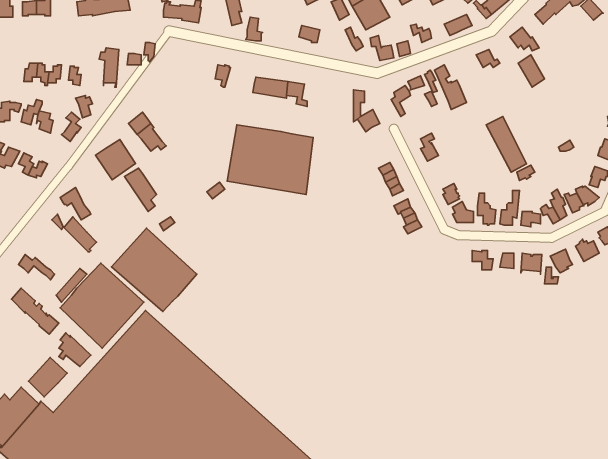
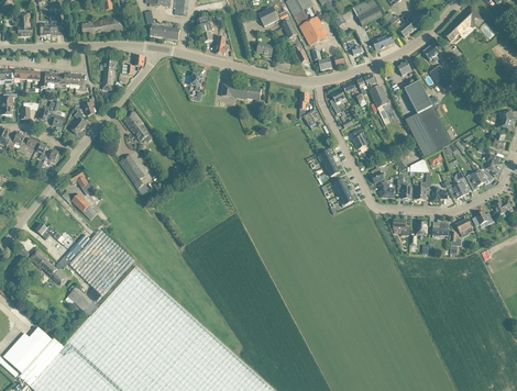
building: none -> [404,82,451,152]
building: [227,125,313,194] -> none
building: [95,139,135,180] -> none
building: [111,228,197,312] -> none
building: [29,357,67,397] -> none

